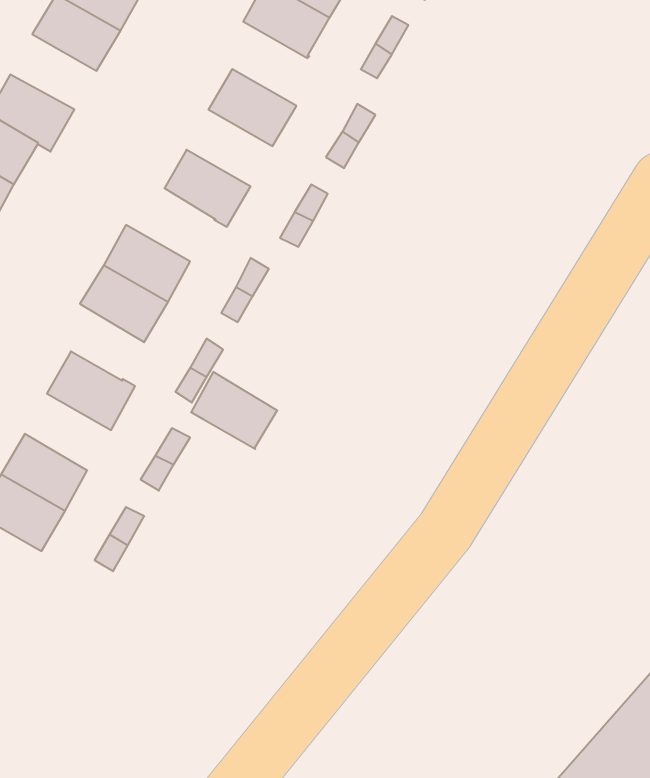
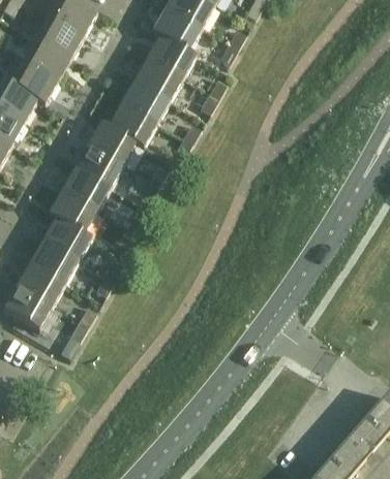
building: none -> [146,36,196,79]
building: none -> [21,39,69,82]
building: none -> [120,82,169,125]
building: none -> [86,122,137,167]
building: [191,372,277,449] -> [48,191,96,234]
building: none -> [29,242,78,285]

